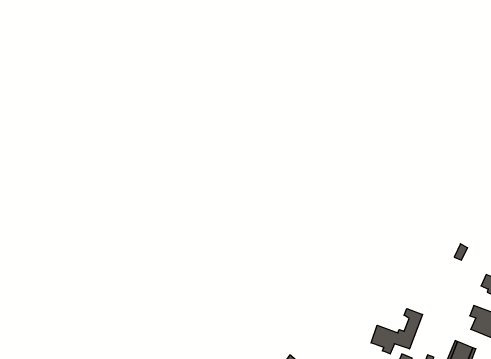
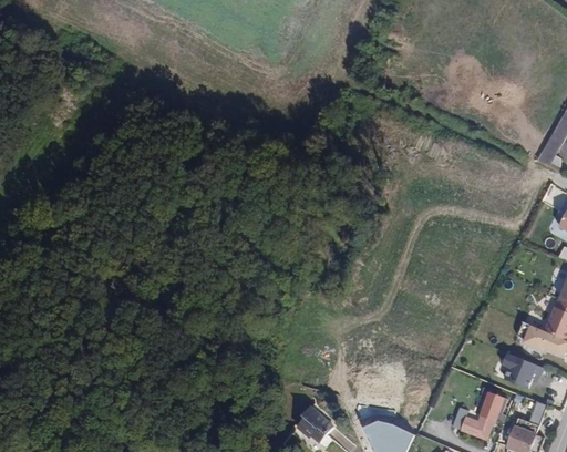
building: [371,309,423,354] -> none

